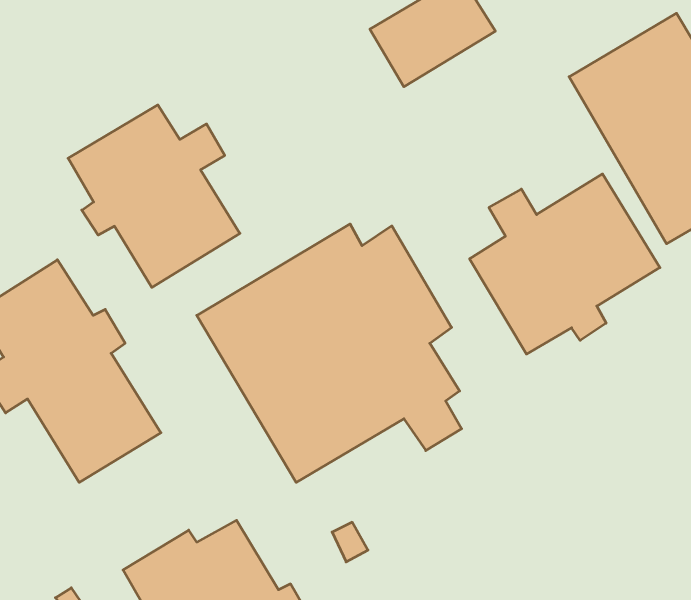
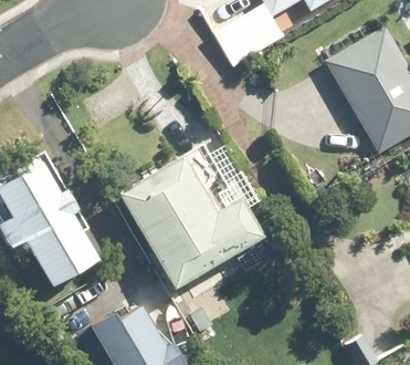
building: [68,105,240,287] -> none
building: [470,174,660,354] -> none

